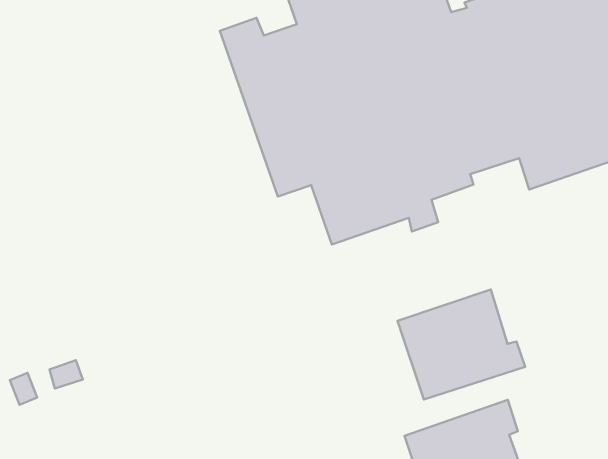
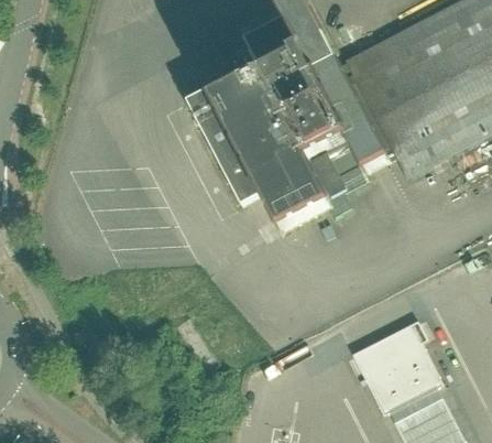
building: [397,290,525,400] -> none

